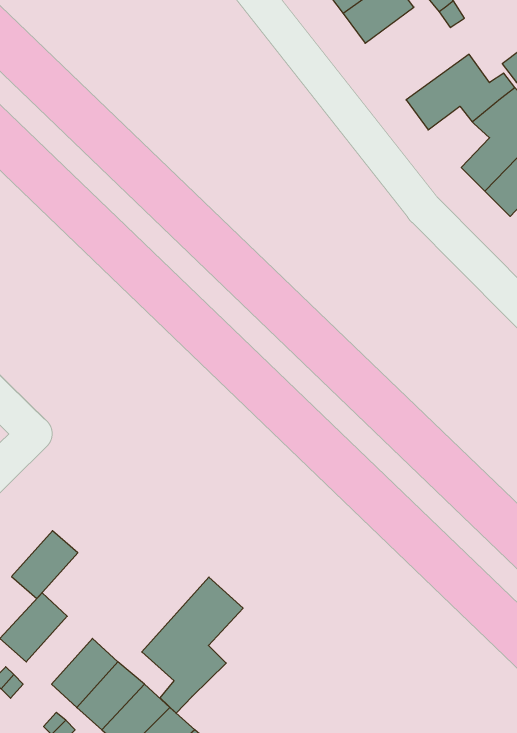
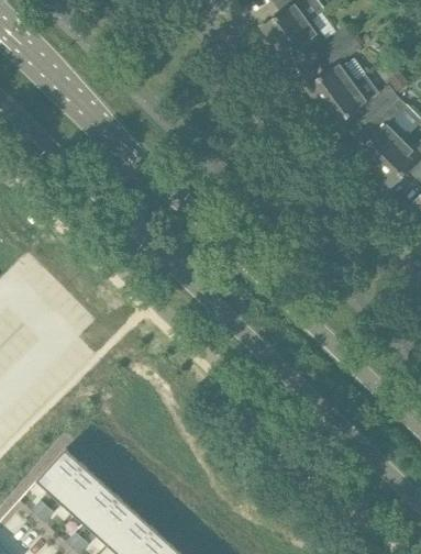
building: none -> [307,60,364,106]
building: [12,531,78,598] -> [55,466,101,513]
building: [142,577,243,713] -> none

